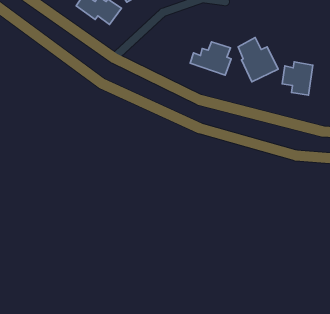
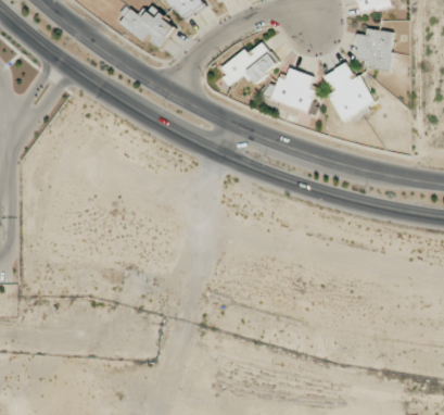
building: none -> [219,41,278,85]
building: [282,62,313,95] -> [355,28,394,71]

